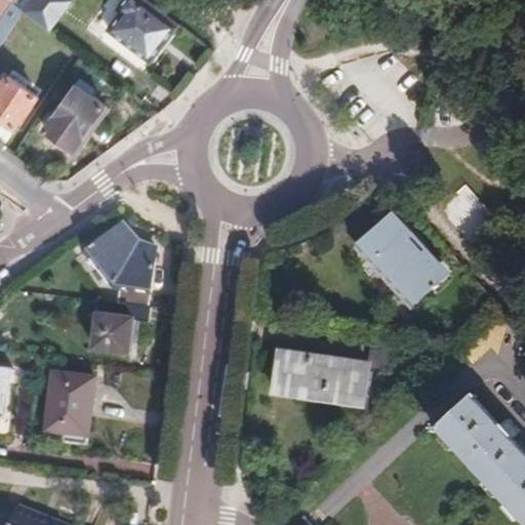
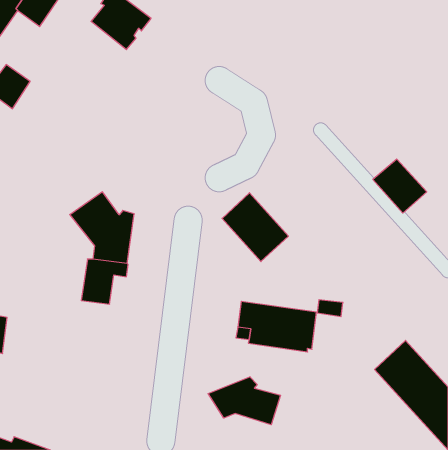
building: [45,81,104,146] -> none
building: [365,221,442,301] -> [222,193,288,262]
building: [45,372,93,435] -> none
building: none -> [208,377,281,425]

